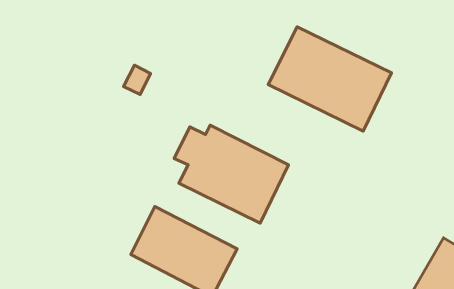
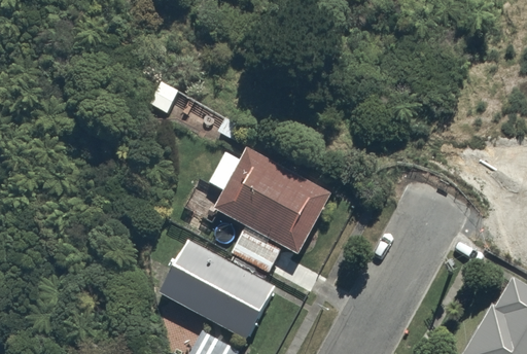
building: [268,27,392,131] -> none

